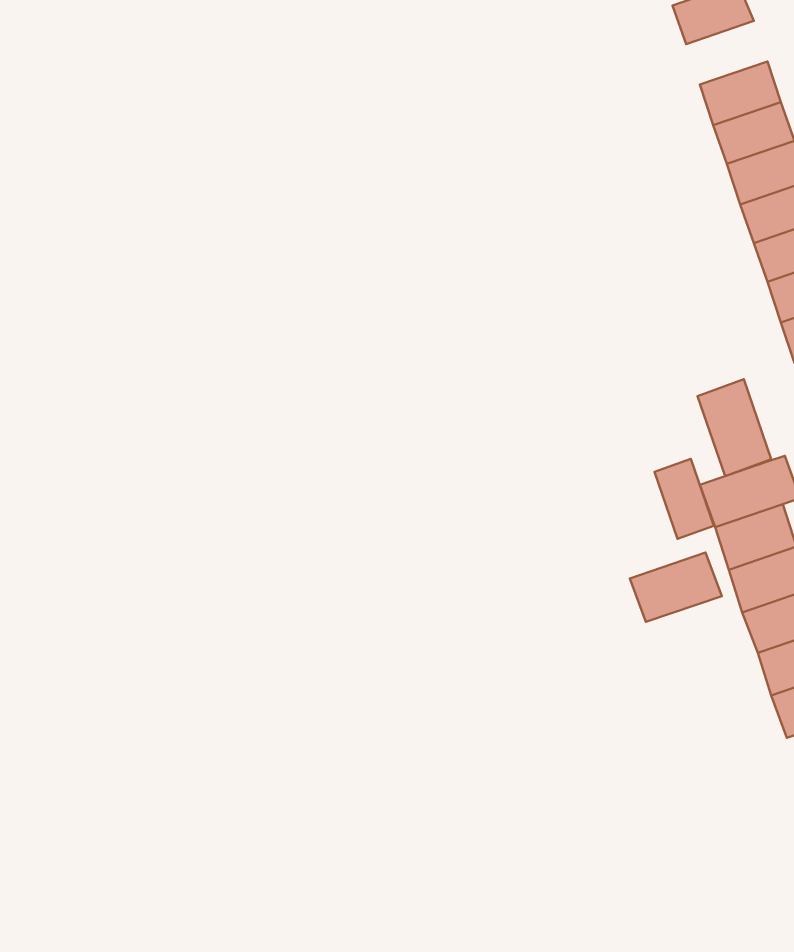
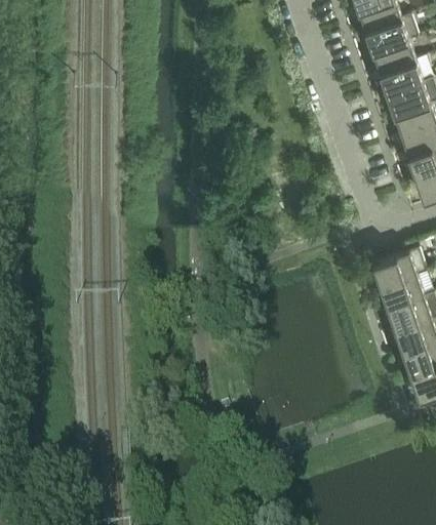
building: none -> [365,13,418,50]
building: [698,379,771,476] -> none
building: [655,459,714,539] -> none
building: [630,552,722,622] -> none

